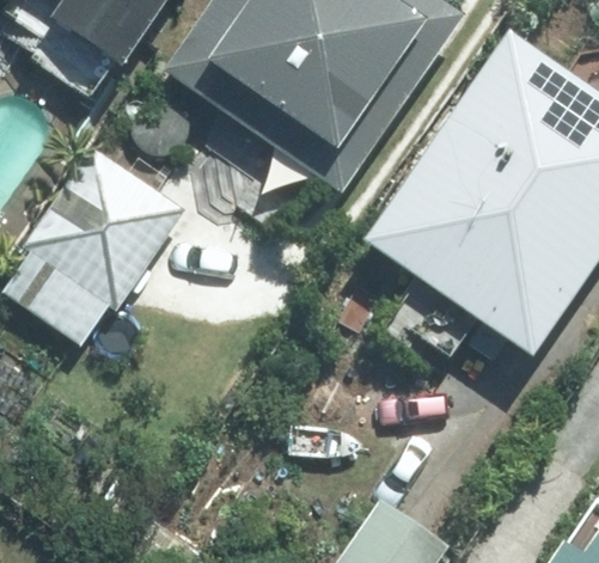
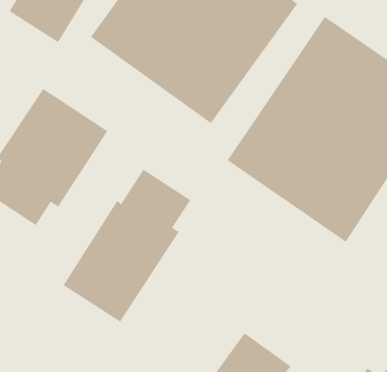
building: none -> [63,169,191,323]

